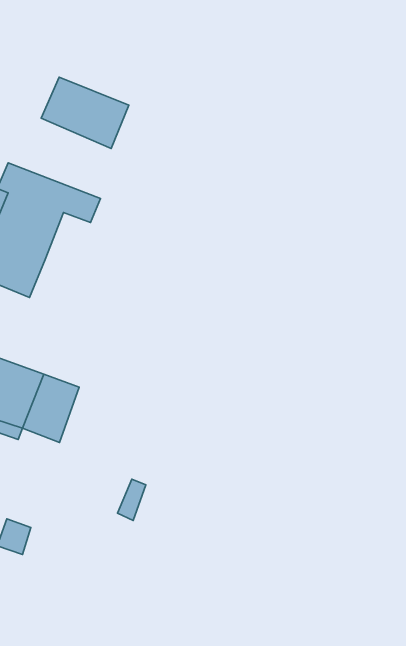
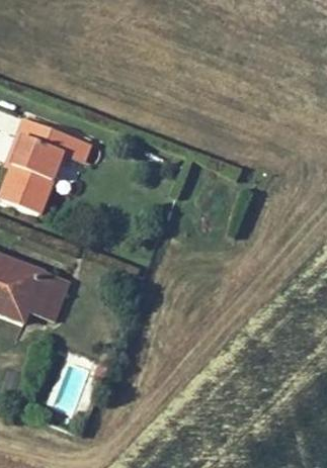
building: [41,77,129,149] -> none

